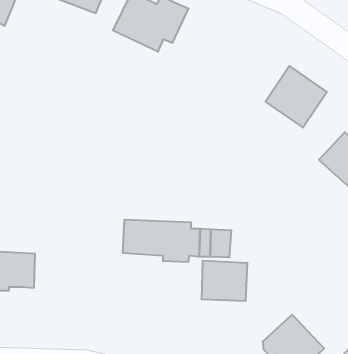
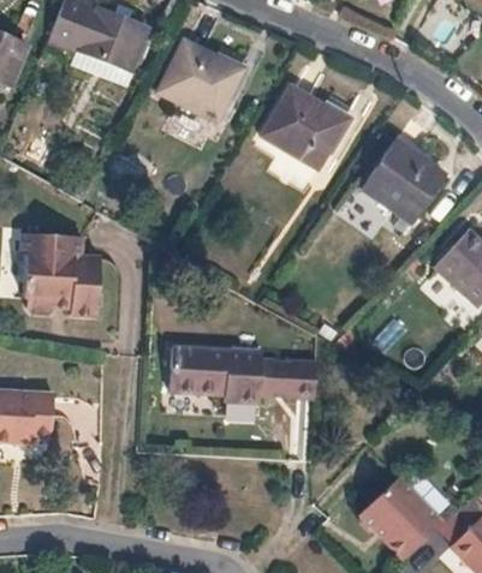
building: none -> [261,85,362,169]
building: none -> [20,233,100,316]
building: [202,261,247,301] -> none

